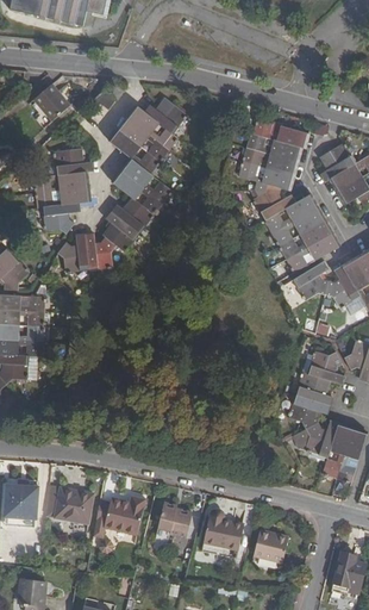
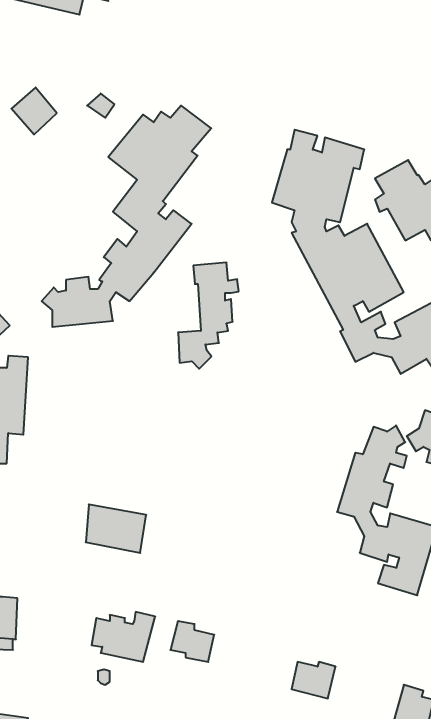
building: [45,147,93,230] -> [178,263,239,369]
building: [44,485,92,523] -> [86,504,146,553]
building: [202,510,243,552] -> none

